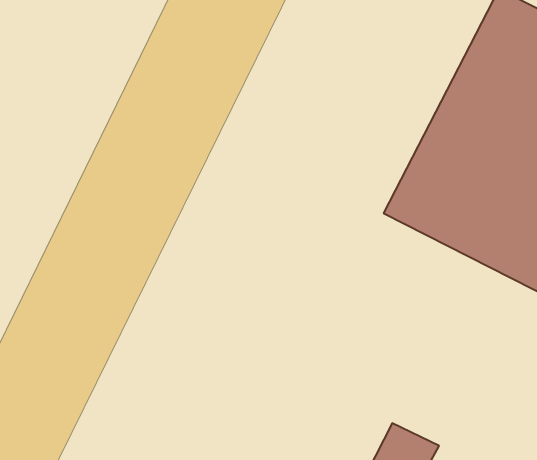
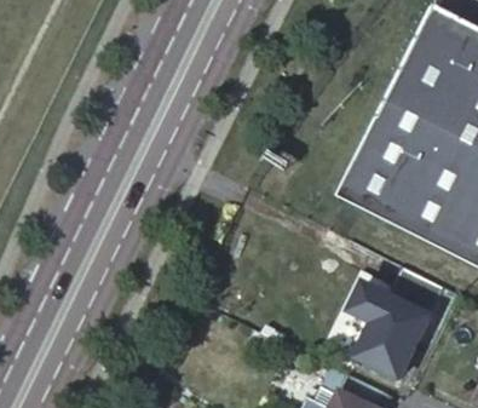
building: none -> [353,264,447,379]

